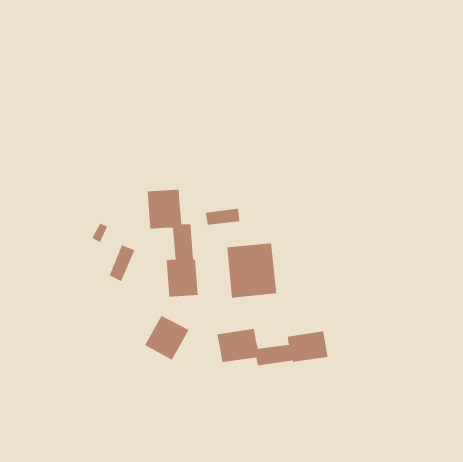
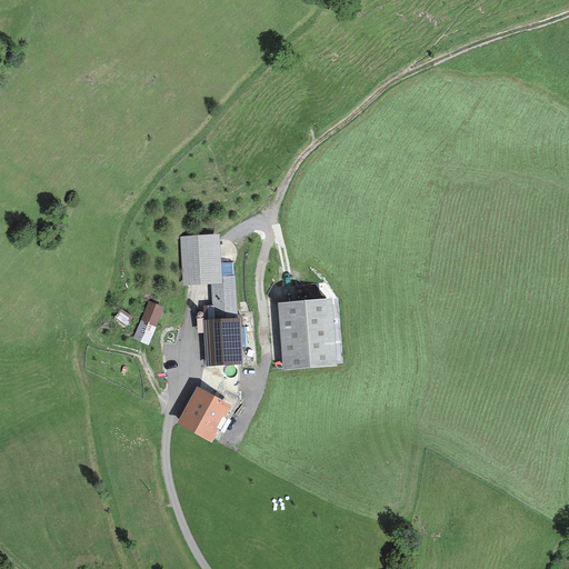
building: [205,208,240,226] -> none
building: [217,328,328,366] -> none

